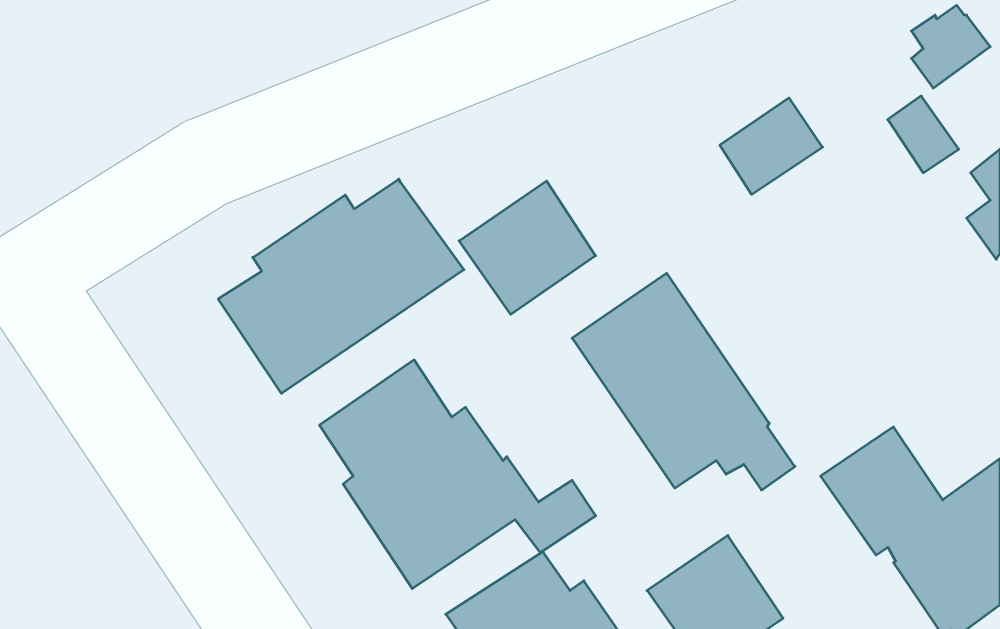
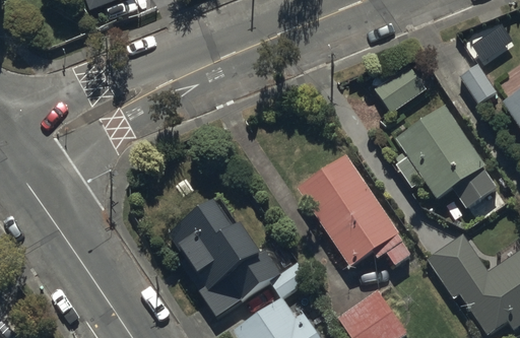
building: none -> [395,105,498,208]
building: [218,179,464,393] -> none
building: [459,181,596,314] -> none

